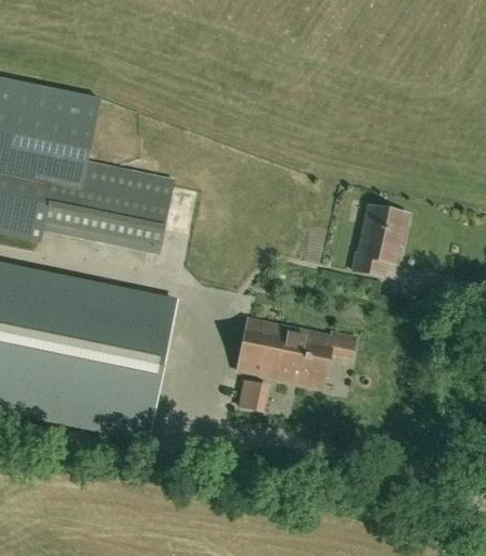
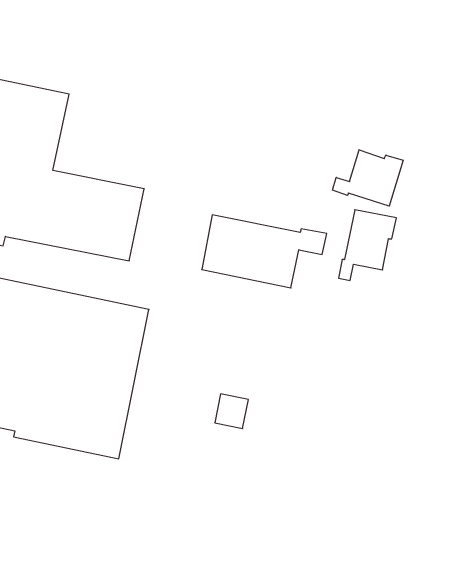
building: none -> [332,150,403,206]
building: [238,318,355,387] -> [202,215,327,288]

